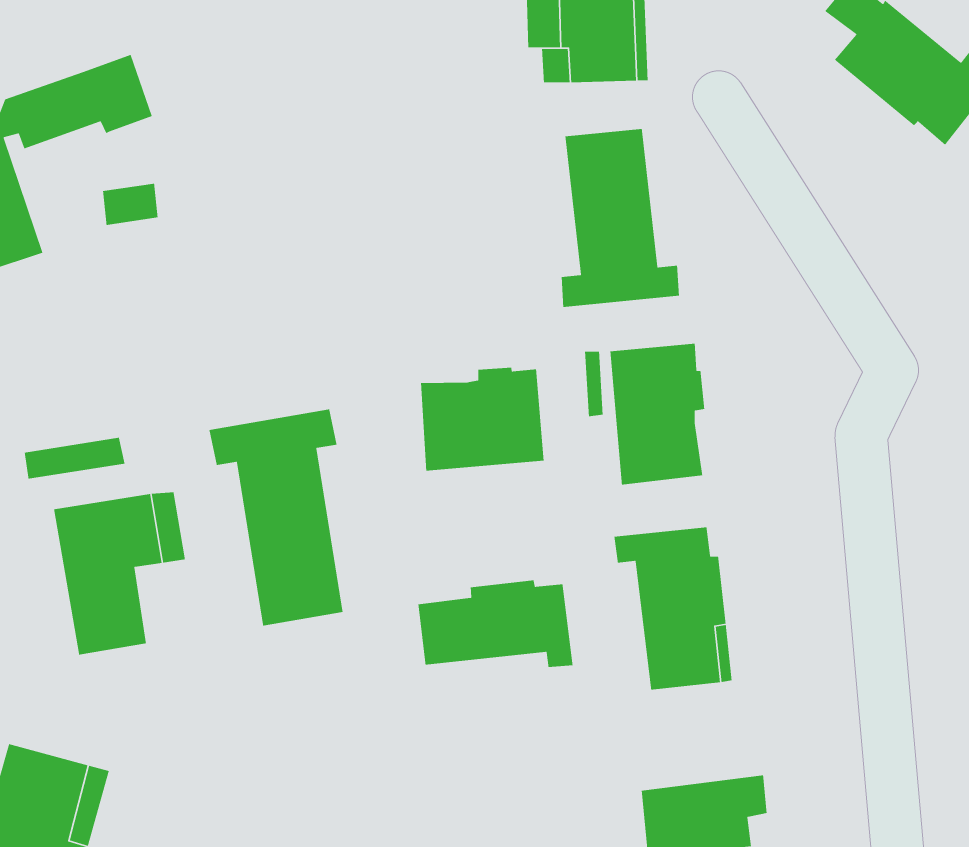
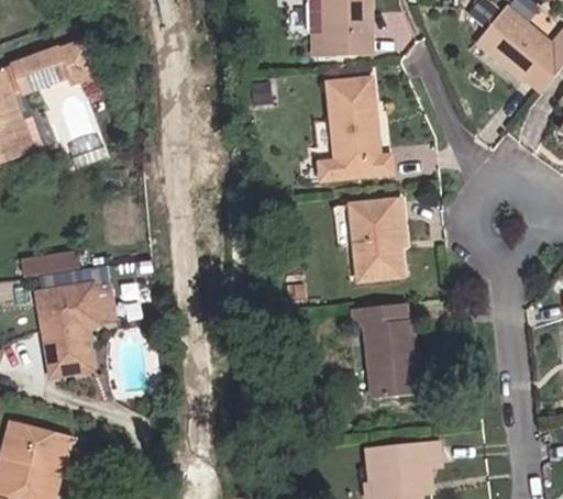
building: [420,367,544,472] -> none
building: [209,409,343,626] -> none
building: [418,579,573,668] -> none

